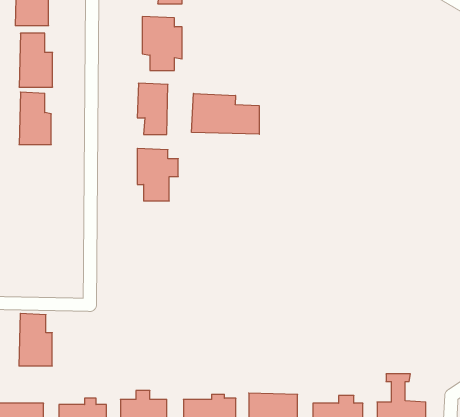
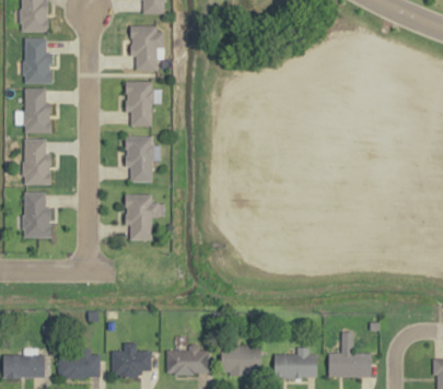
building: [192,93,259,134] -> none
building: none -> [25,139,53,184]
building: none -> [125,196,159,240]
building: [19,313,52,366] -> [23,192,51,237]

